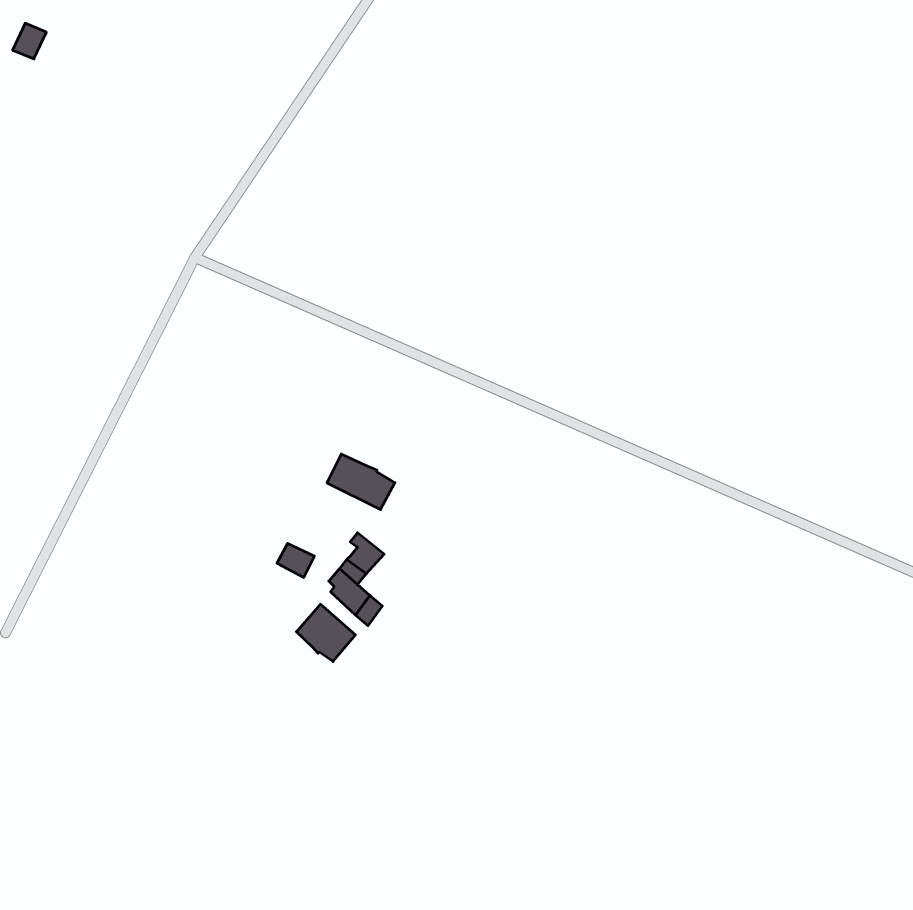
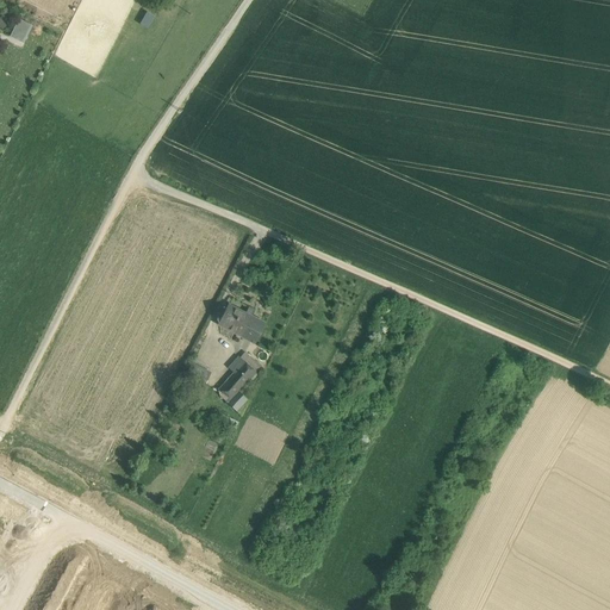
building: [296,604,355,662] -> none

